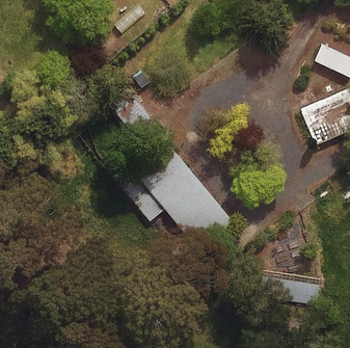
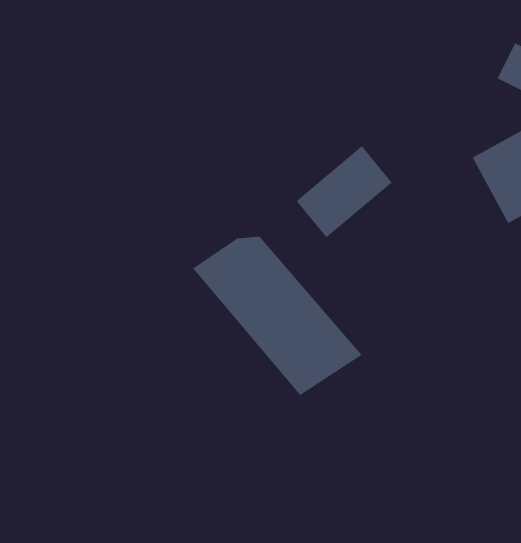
building: none -> [296,145,392,238]

